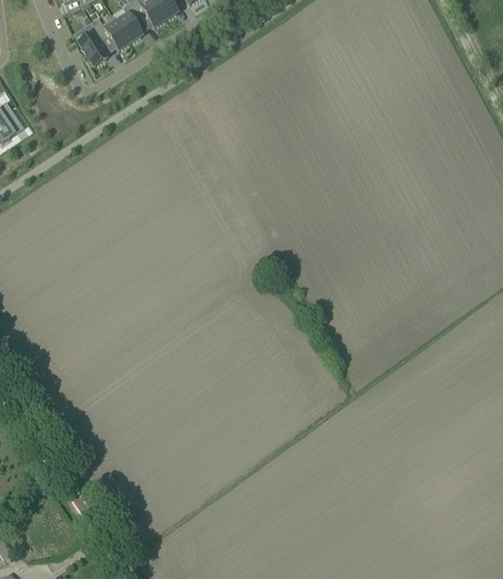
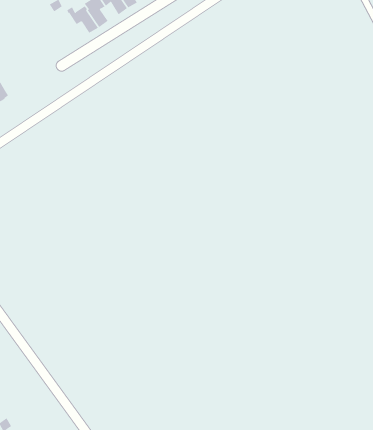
building: [77,26,106,68] -> none

